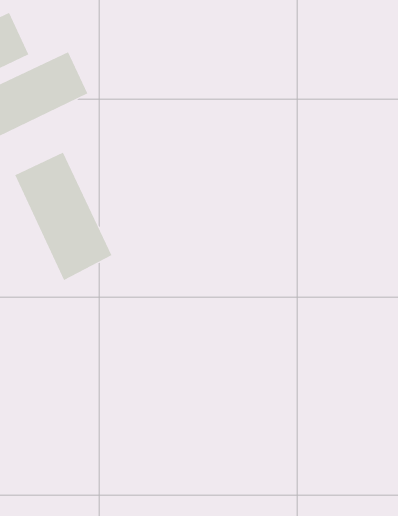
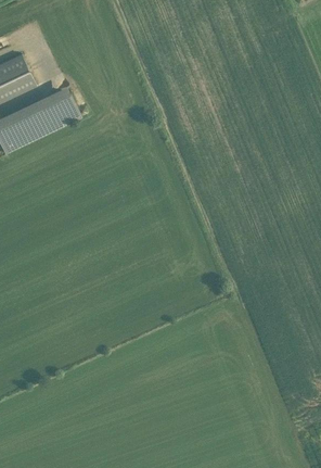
building: [15,152,112,281] -> none

